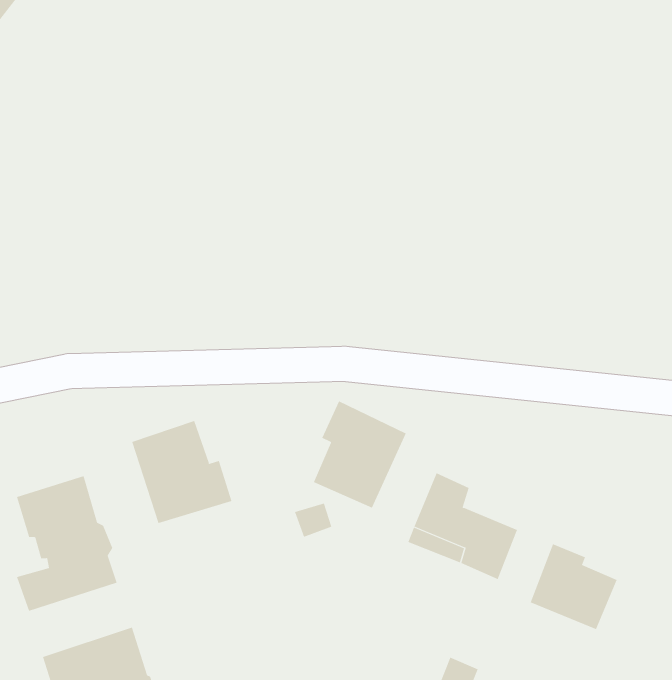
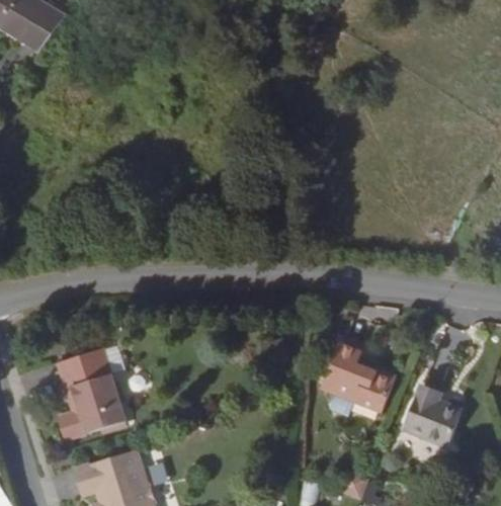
building: [313,401,406,508] -> none
building: [132,420,232,524] -> none

